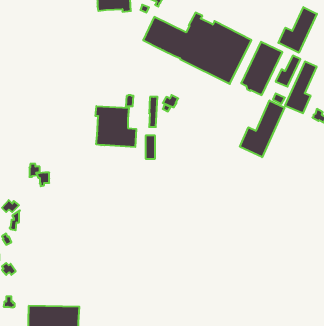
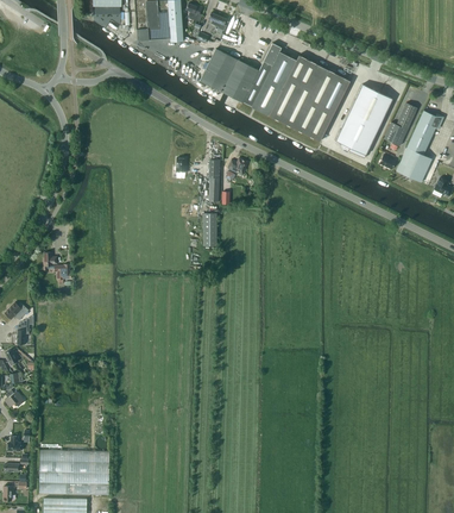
building: [278,7,317,53] -> none
building: [240,100,284,157] -> none
building: [95,106,136,147] -> none

